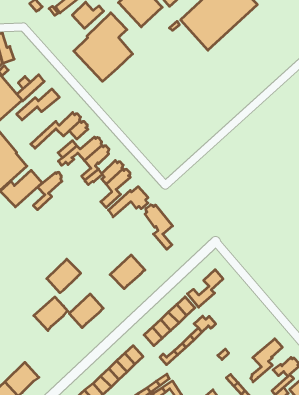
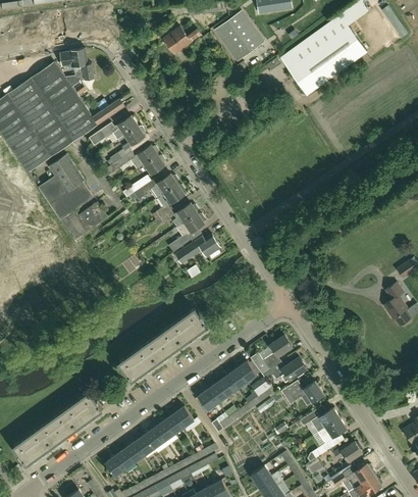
building: [74,13,133,81] -> none
building: [33,172,62,210] -> [110,126,145,163]
building: [145,205,173,249] -> none
building: [47,259,81,293] -> [145,326,182,361]
building: none -> [261,357,307,380]
building: [34,297,68,331] -> [64,392,102,428]
building: none -> [282,381,324,403]
building: none -> [300,408,339,432]

